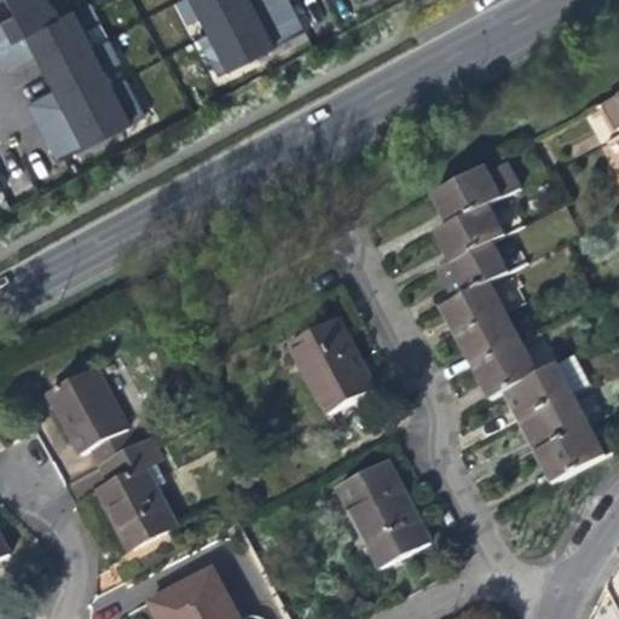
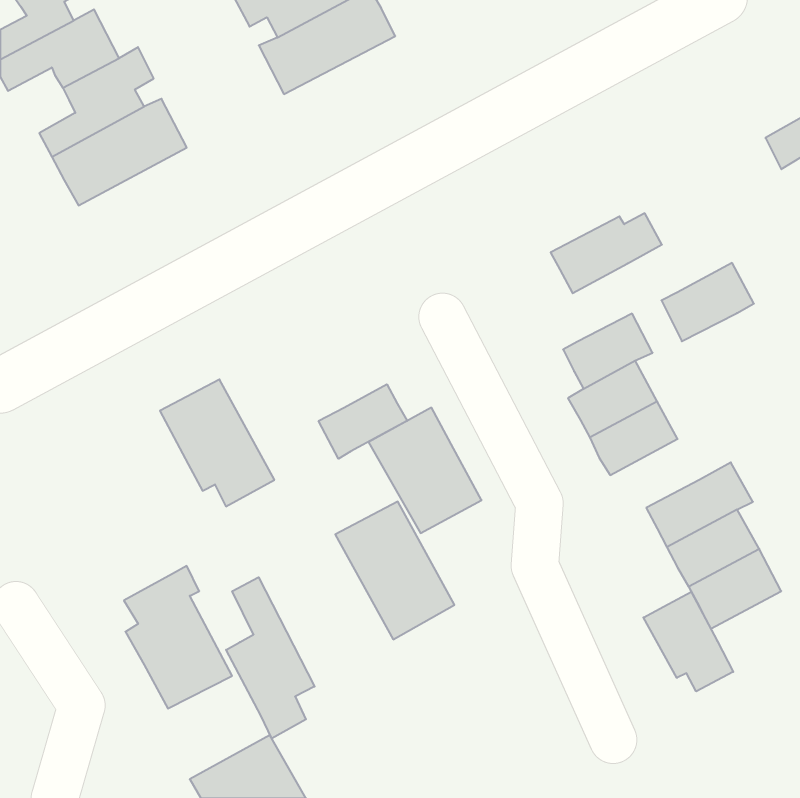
building: [430,203,502,264] -> [661,263,754,341]
building: none -> [319,384,407,459]
building: [472,339,540,398] -> none
building: [46,365,134,463] -> [160,379,274,506]
building: none -> [226,577,315,739]
building: none -> [643,592,733,691]
building: [337,458,429,565] -> [335,502,454,639]

